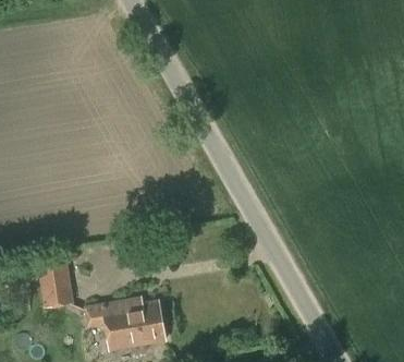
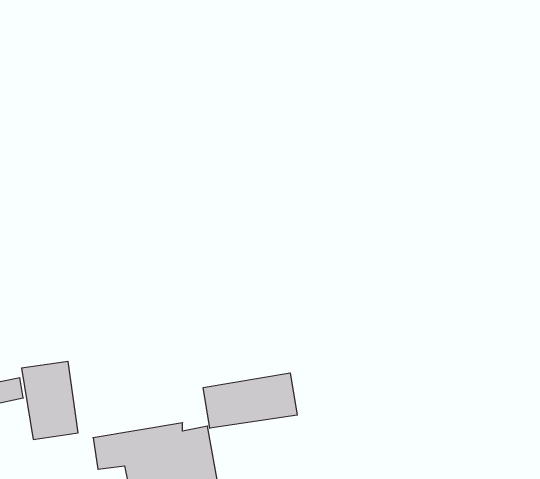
building: none -> [203,373,297,428]

